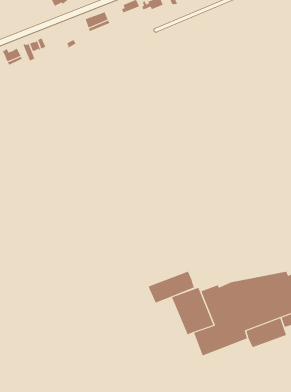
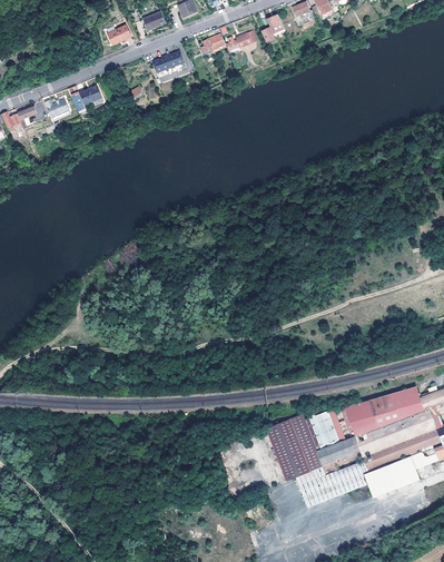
building: [148,271,194,303] -> none

